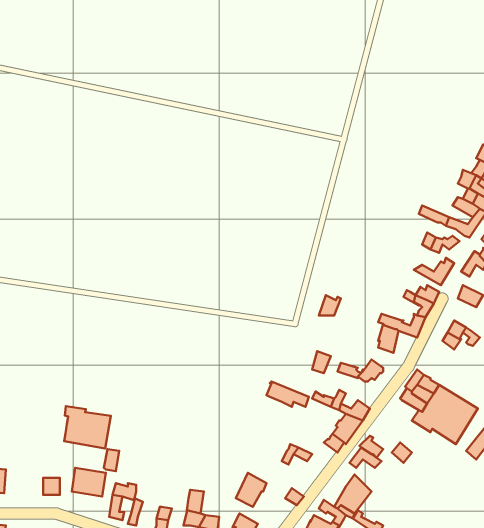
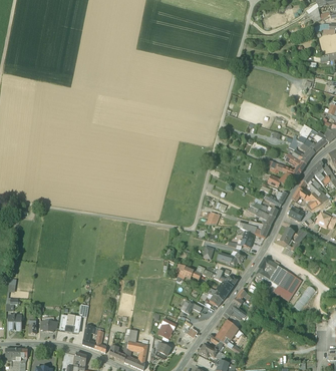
building: [64,406,111,448] -> none

